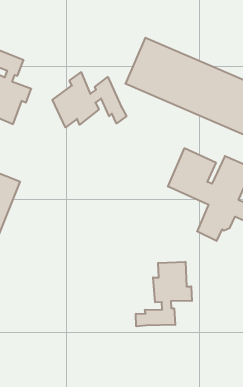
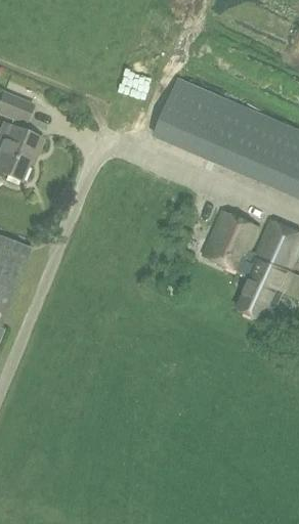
building: [52,72,126,127] -> none
building: [136,262,192,326] -> none

